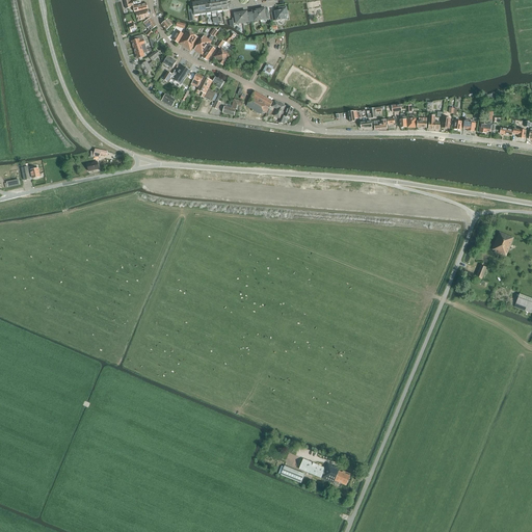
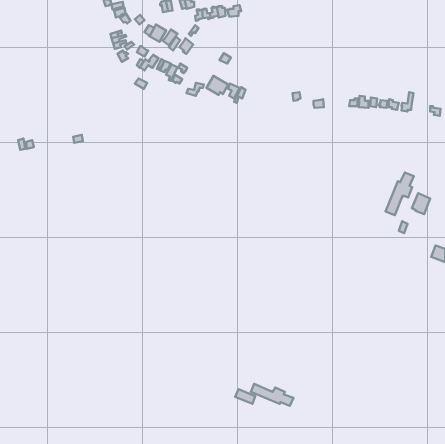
building: none -> [386,172,414,215]

